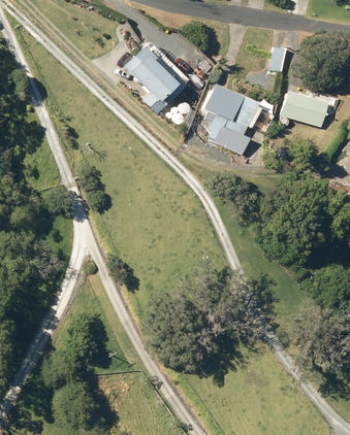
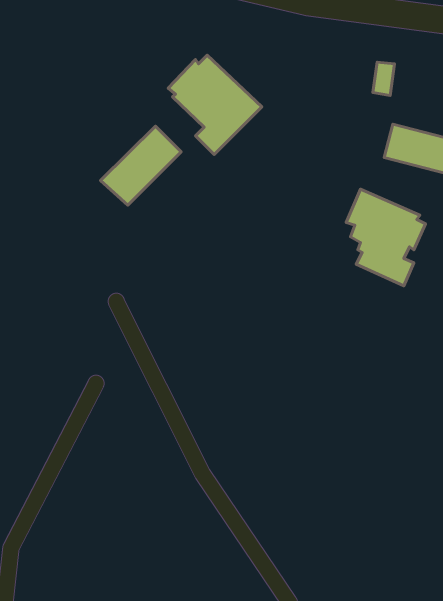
building: [203,85,260,154] -> [346,189,425,286]
building: none -> [100,126,181,205]

